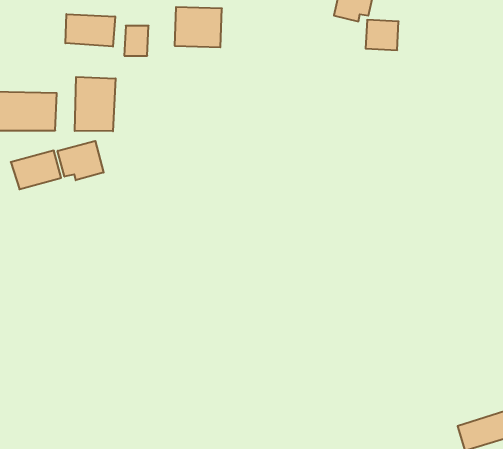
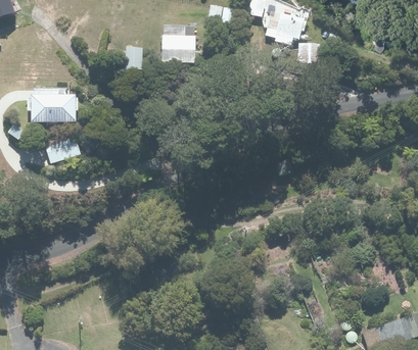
building: [65,14,115,47] -> none
building: [75,77,116,131] -> none
building: [58,141,104,180] -> none

